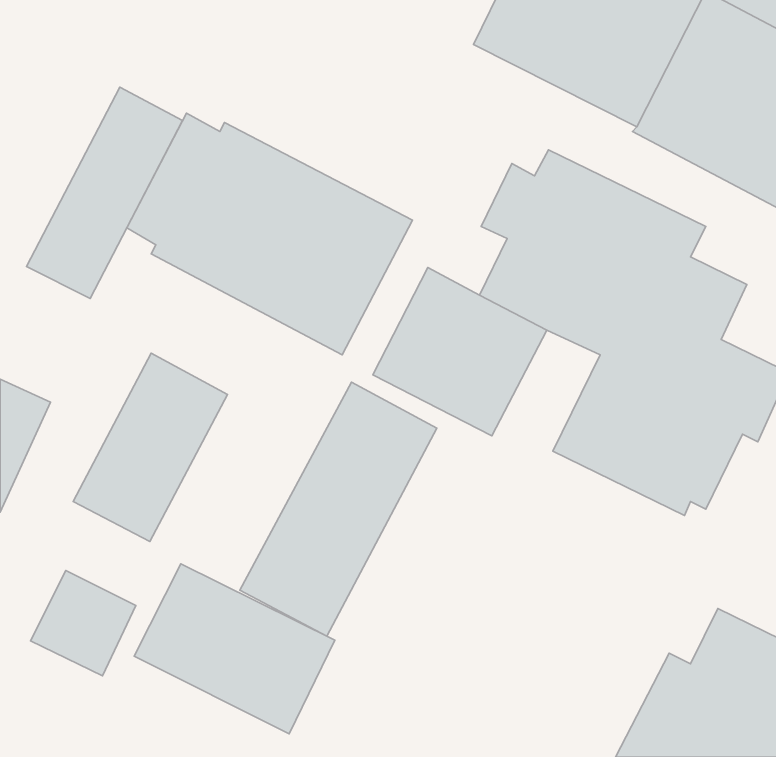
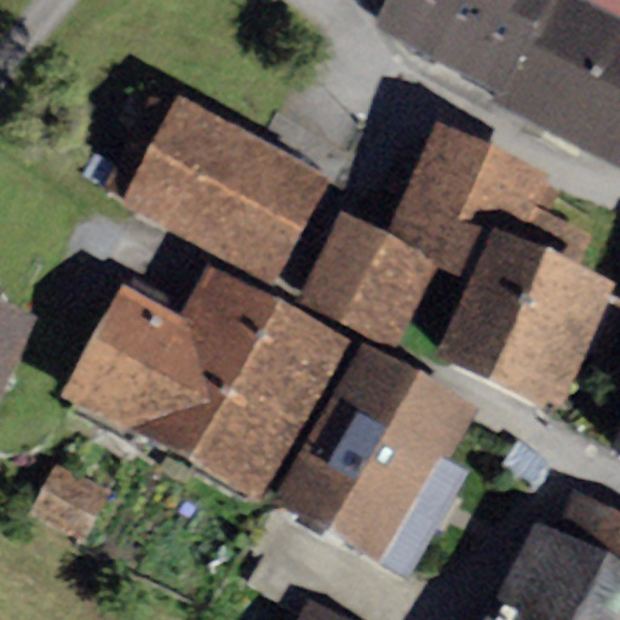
building: [26,87,182,298] -> none
building: none -> [122,264,282,467]
building: none -> [274,343,481,581]
building: [134,564,335,734] -> none

